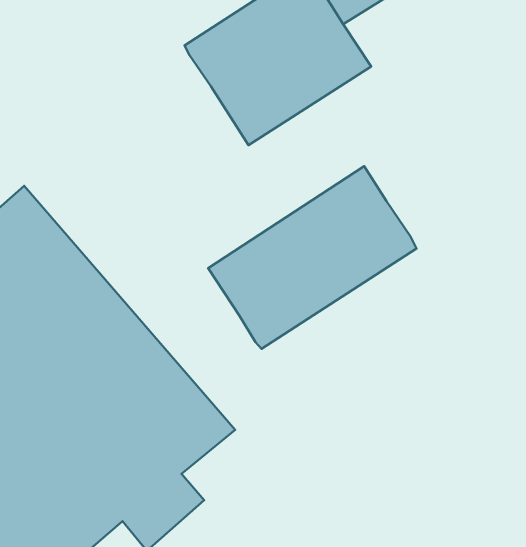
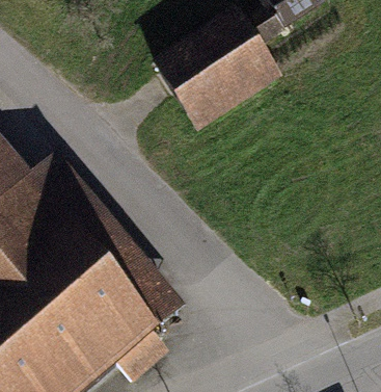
building: [208,166,417,349] -> none

